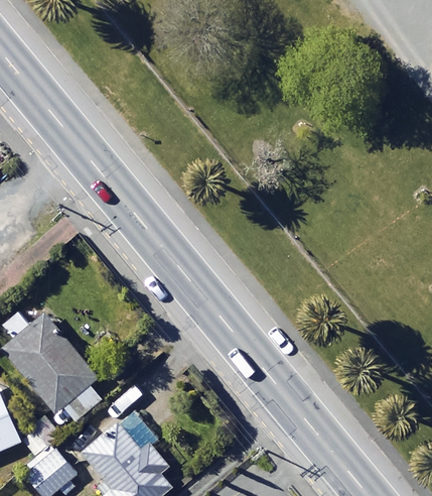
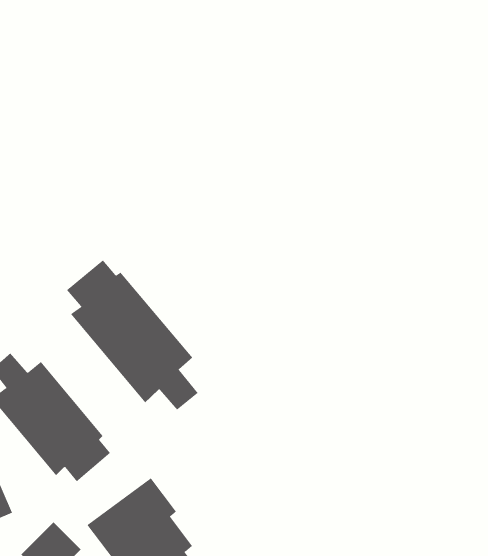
building: none -> [66,260,198,410]

